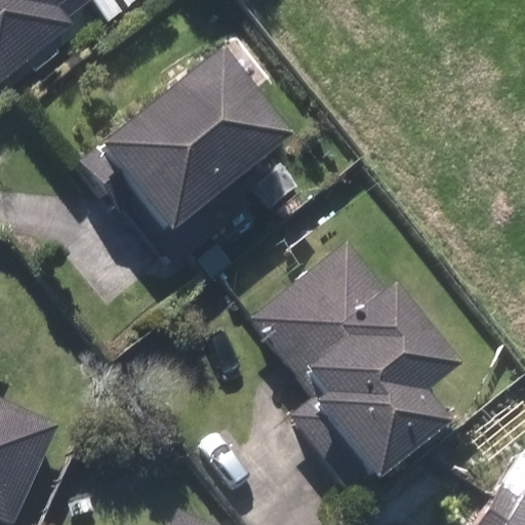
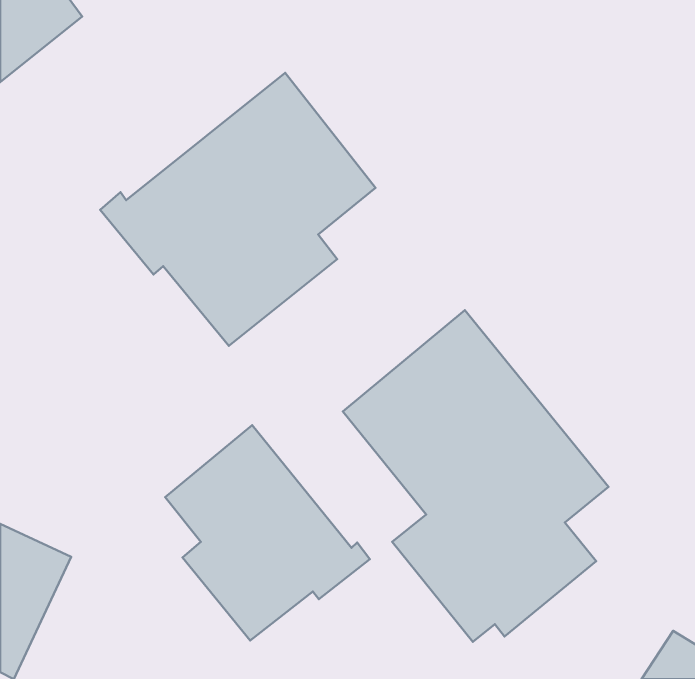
building: none -> [165,425,370,641]

